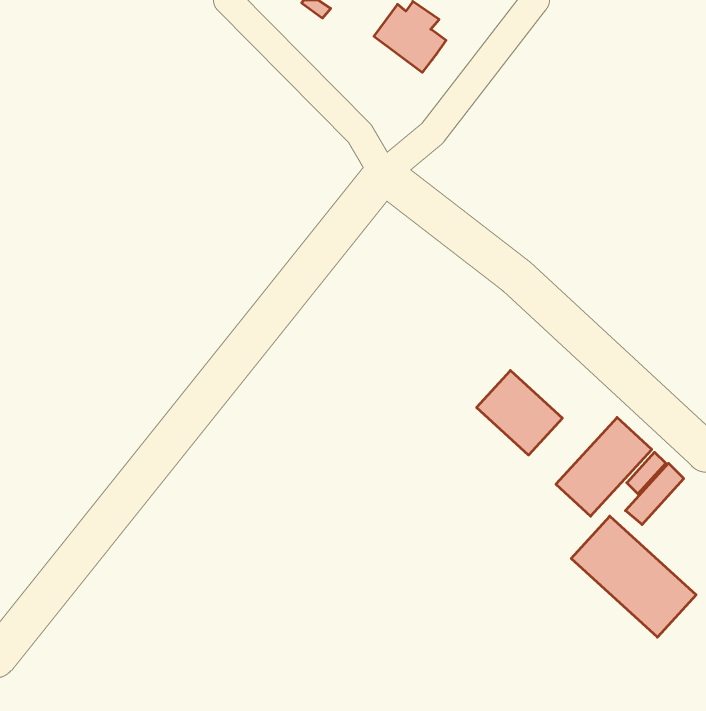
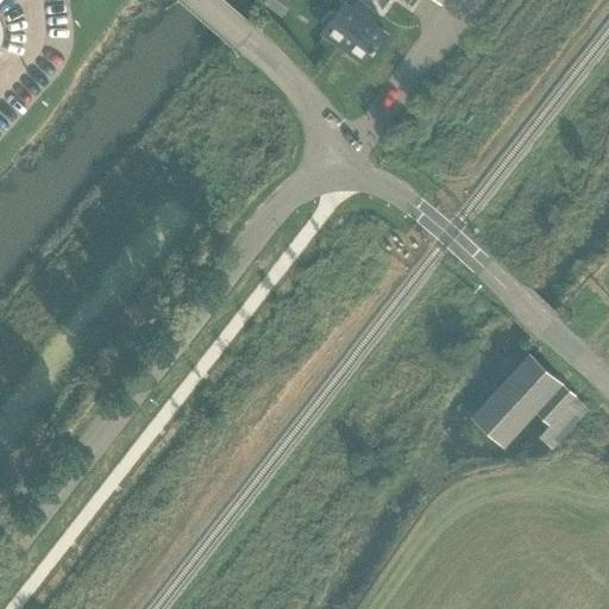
building: [477,370,562,455] -> none
building: [571,516,696,637] -> none

